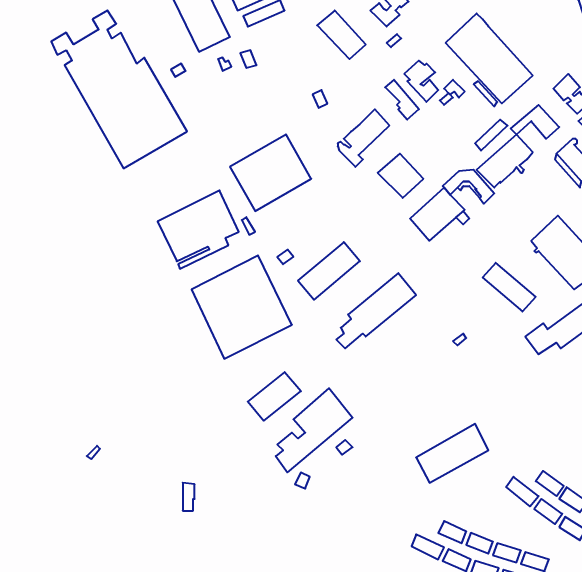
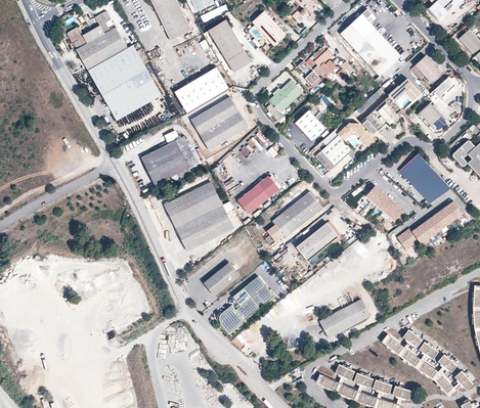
building: none -> [207,19,251,71]
building: none -> [173,66,228,114]
building: none -> [296,224,337,261]

